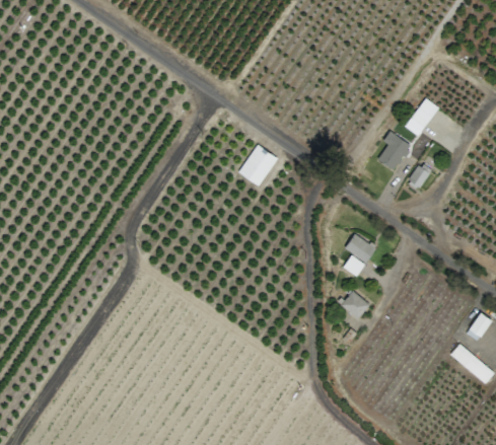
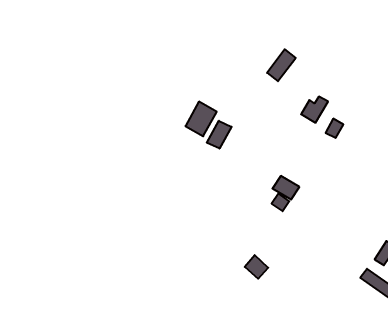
building: [405,97,439,136] -> [267,49,296,81]
building: none -> [207,121,232,149]
building: [341,290,369,318] -> [245,255,268,279]

